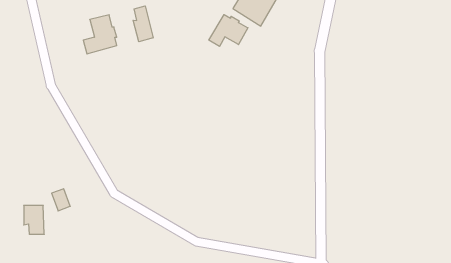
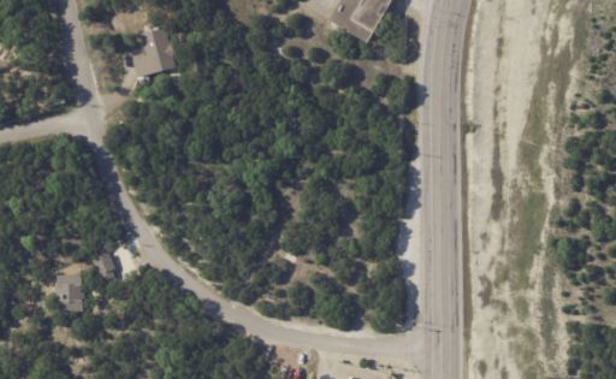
building: [133,6,153,42] -> none
building: [209,15,248,46] -> none

